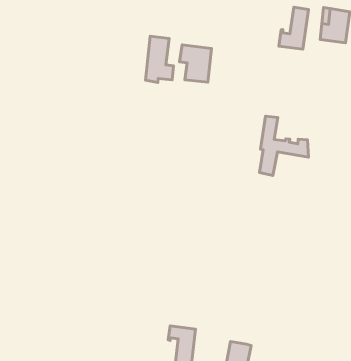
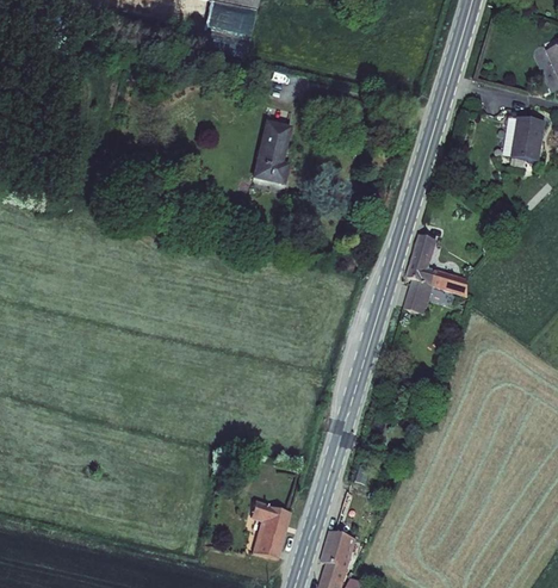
building: [279,7,309,49] -> none
building: [180,45,211,82] -> none

